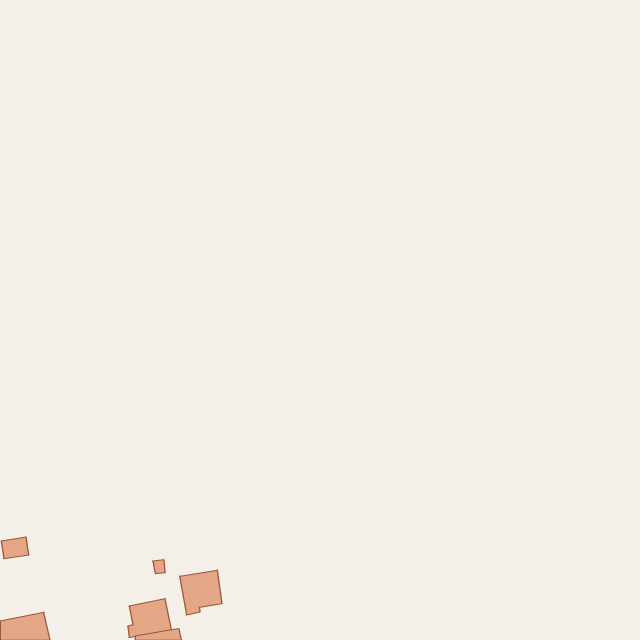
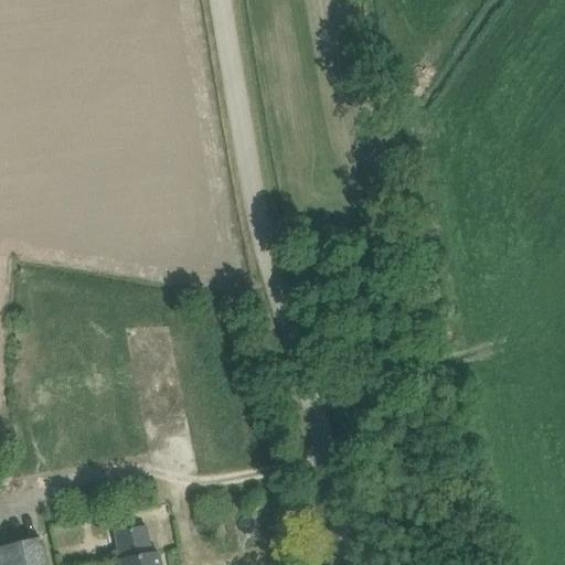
building: [180,570,222,615] -> none

